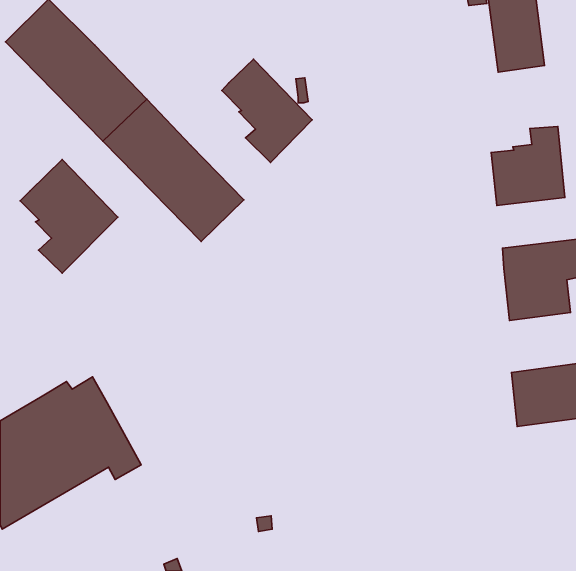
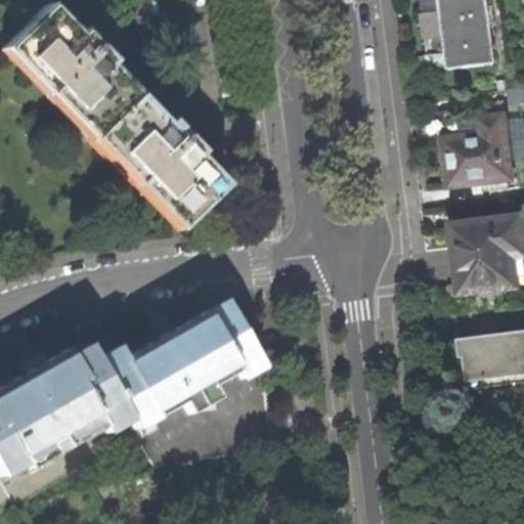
building: [222,59,312,163] -> none
building: [20,160,118,273] -> none
building: none -> [98,296,261,426]

